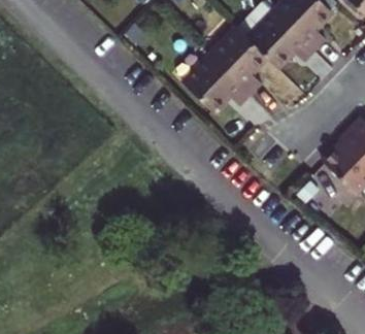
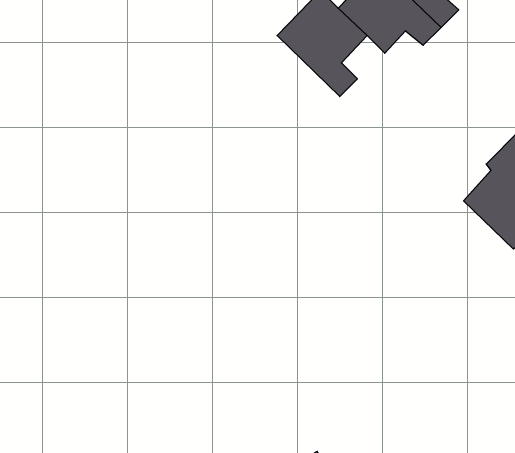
building: [179,57,245,112] -> none

